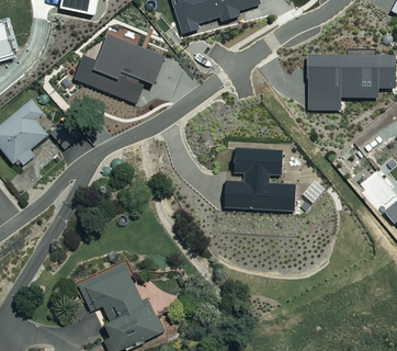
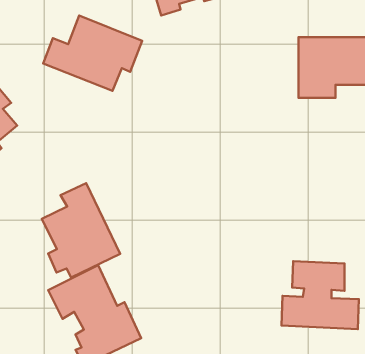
building: [224,147,295,210] -> [281,261,359,329]
building: none -> [42,183,120,277]

